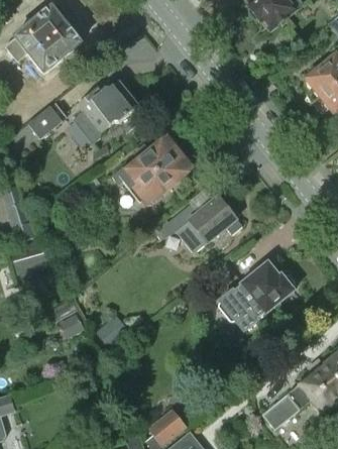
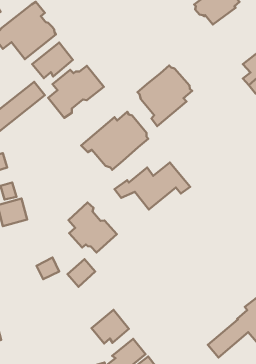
building: none -> [32,42,73,78]
building: none -> [137,66,192,126]
building: none -> [68,203,117,252]
building: [218,262,294,331] -> none
building: none -> [91,310,129,343]

